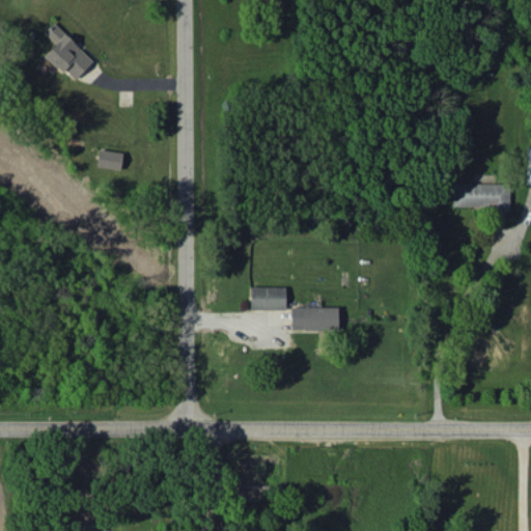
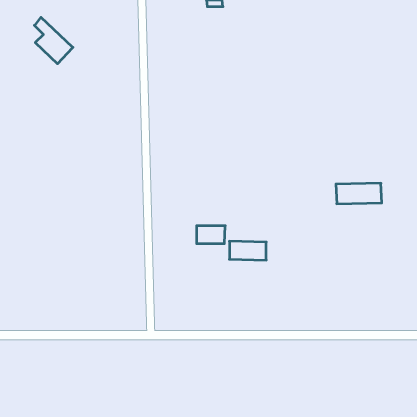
building: [97,149,124,171] -> none
building: [453,184,511,209] -> [336,183,382,204]

